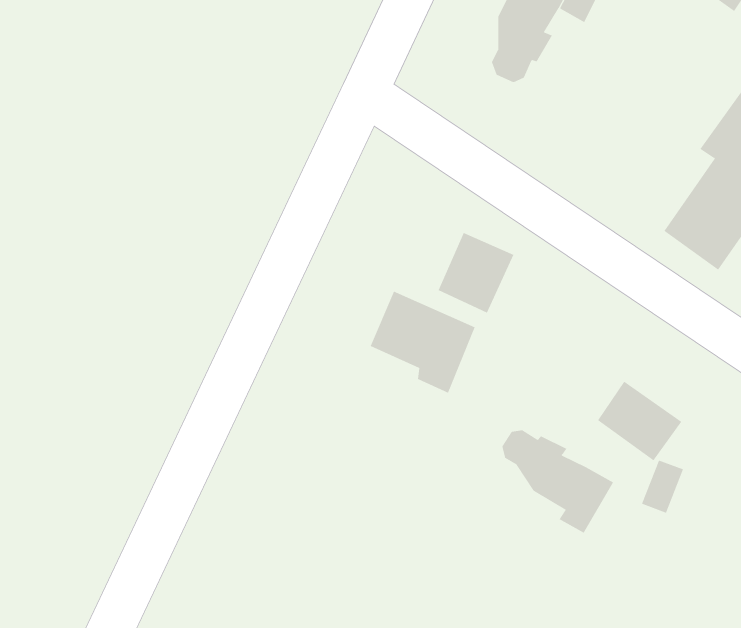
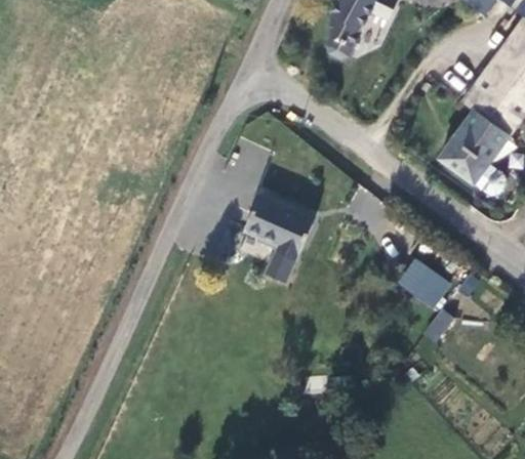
building: [438,232,514,314] -> none
building: [502,429,614,533] -> none

